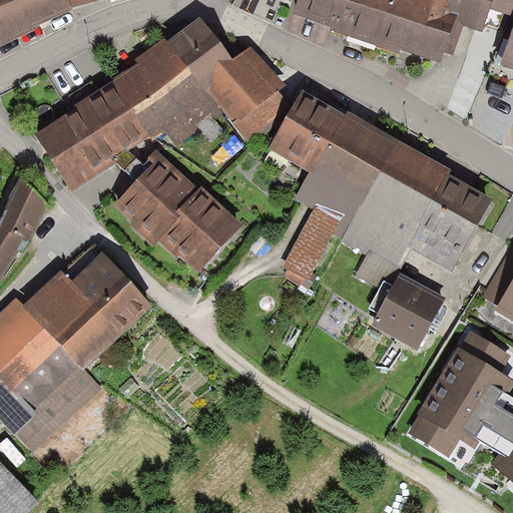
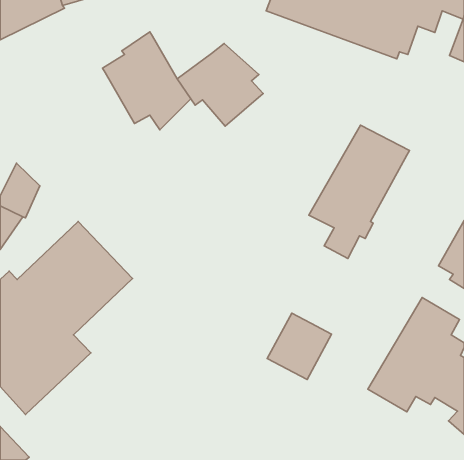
building: [168,16,233,87] -> none
building: [35,80,148,188] -> none
building: [270,88,398,283] -> none
building: [119,160,248,289] -> none
building: [409,171,493,271] -> none
building: [374,274,445,347] -> [267,313,332,380]

